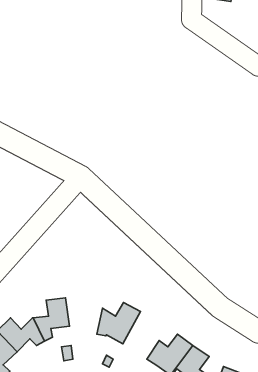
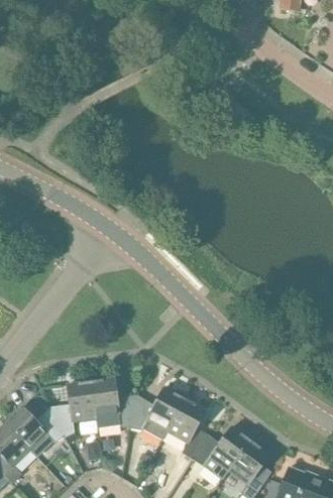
building: none -> [89,380,135,429]
building: none -> [160,400,206,460]

